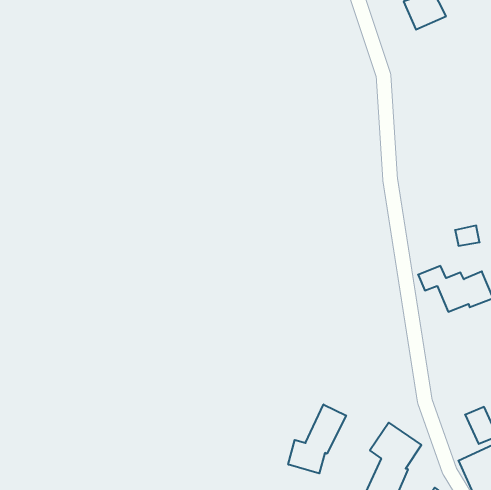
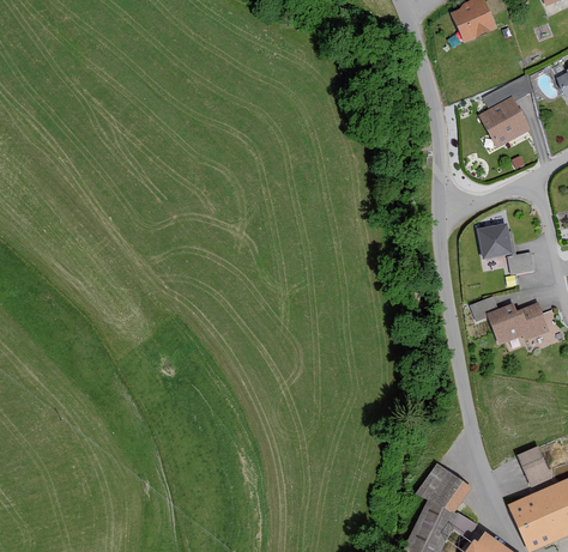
building: none -> [478,74,531,146]
building: none -> [479,225,514,259]
building: [288,404,346,473] -> none

